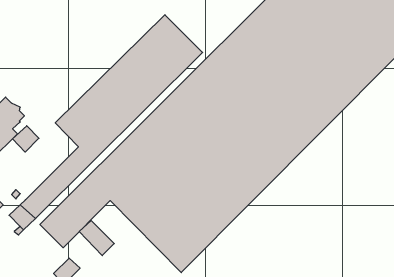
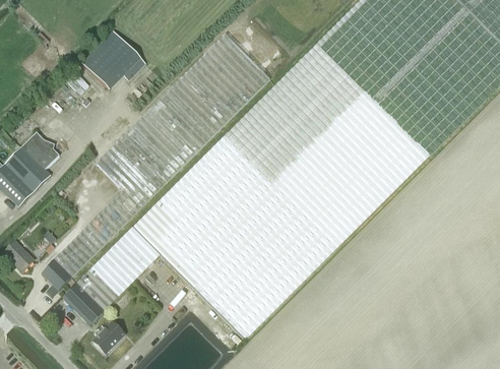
building: none -> [81,30,145,89]
building: [12,126,39,152] -> none
building: [79,220,114,256] -> [63,283,105,324]

